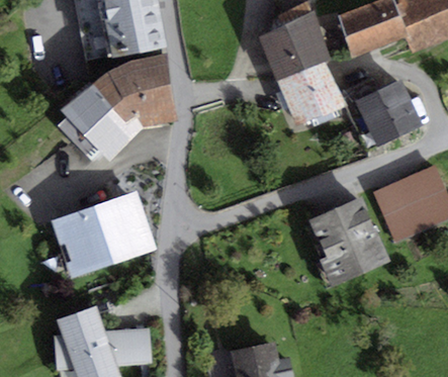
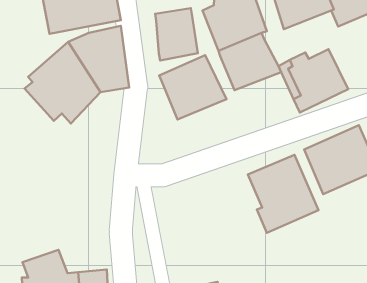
building: none -> [155,8,198,61]
building: none -> [159,55,227,120]
building: [50,191,156,279] -> none

